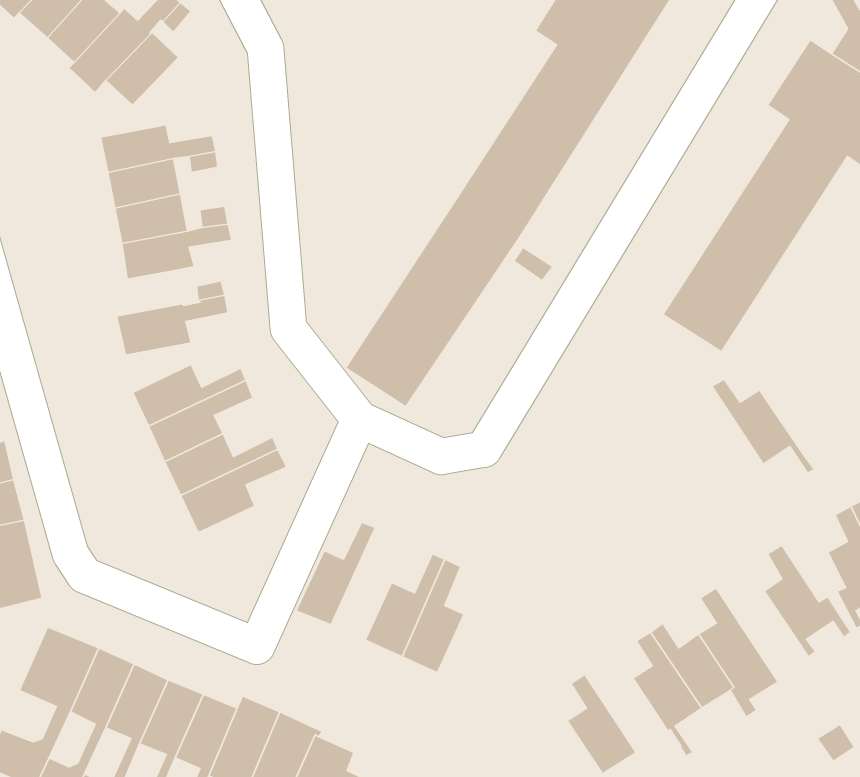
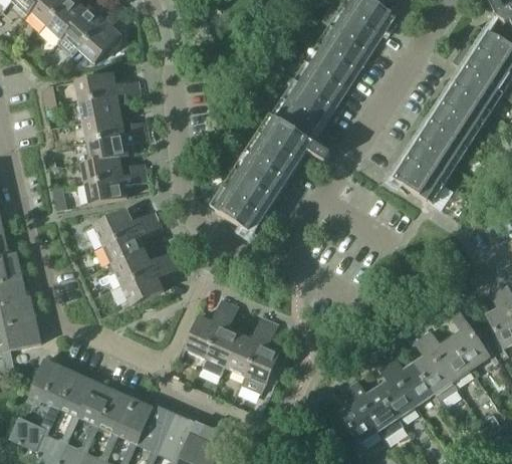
building: none -> [80,157,120,183]
building: [712,379,815,473] -> [423,332,481,386]
building: none -> [201,302,239,376]
building: none -> [348,381,403,439]

